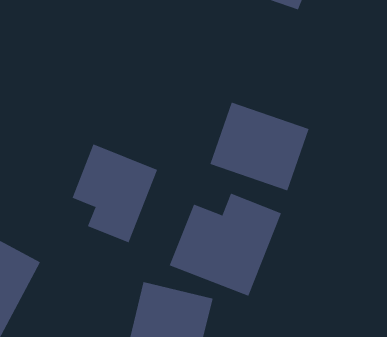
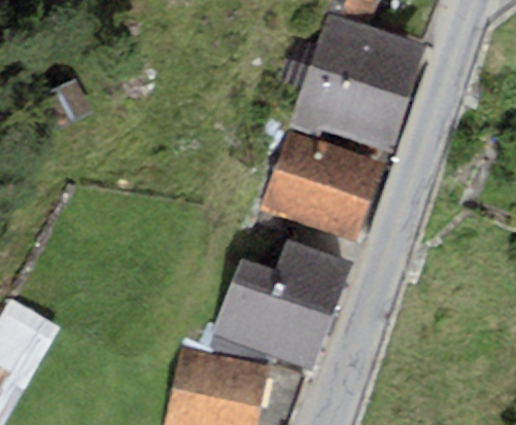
building: none -> [289,12,426,162]
building: [72,144,158,243] -> none

